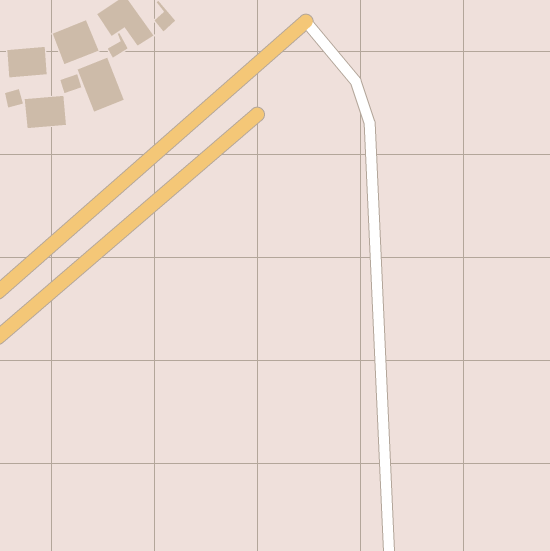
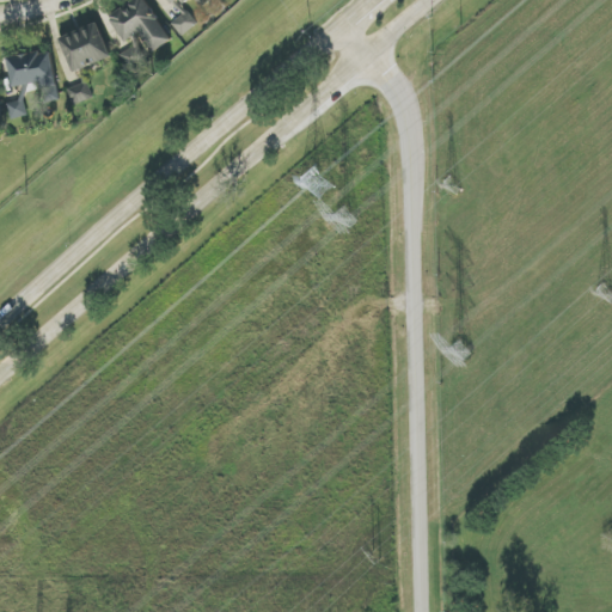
building: [77,57,125,112] -> none
building: [24,95,66,129] -> none

